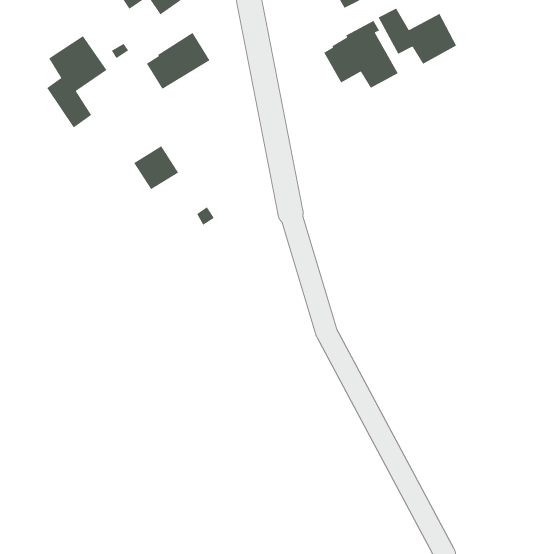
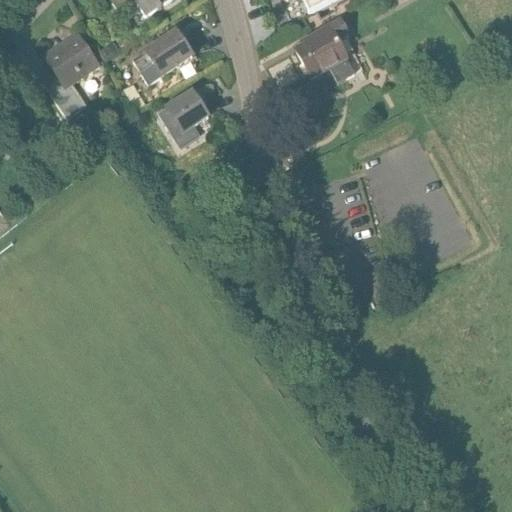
building: [378,7,457,65] -> none
building: [133,145,179,190] -> [166,90,208,131]

